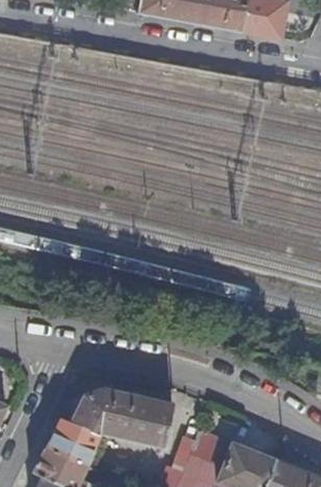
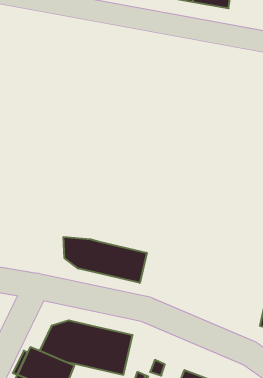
building: none -> [64,237,147,283]

